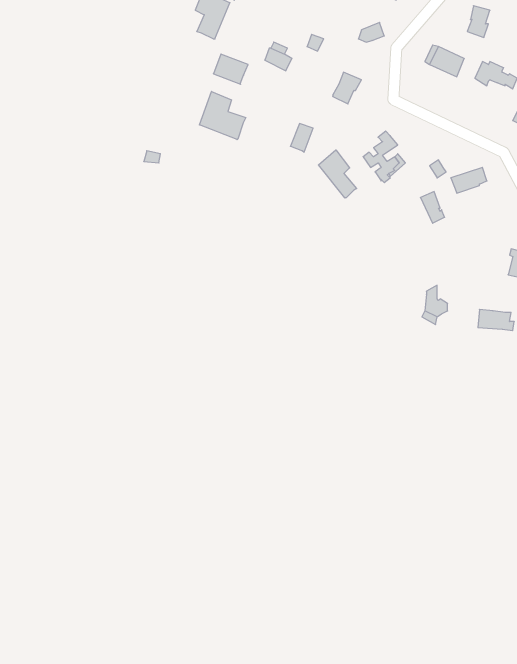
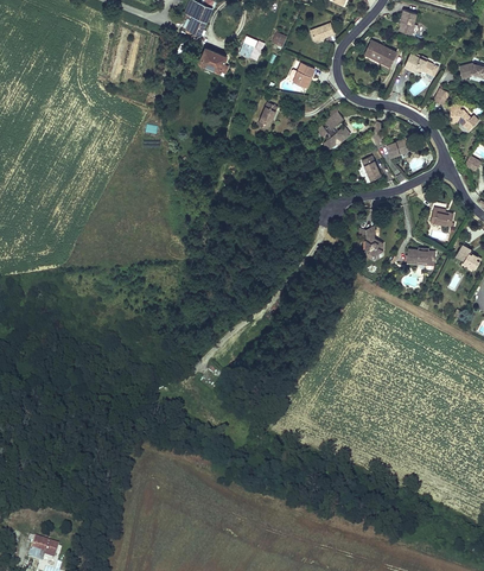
building: [199,91,246,140] -> none
building: [318,150,357,198] -> none

